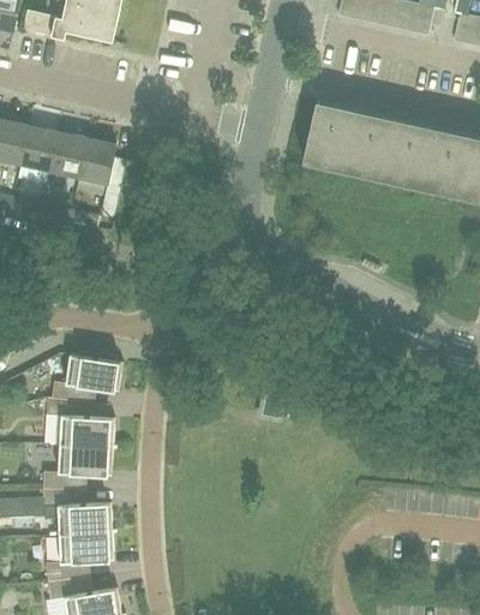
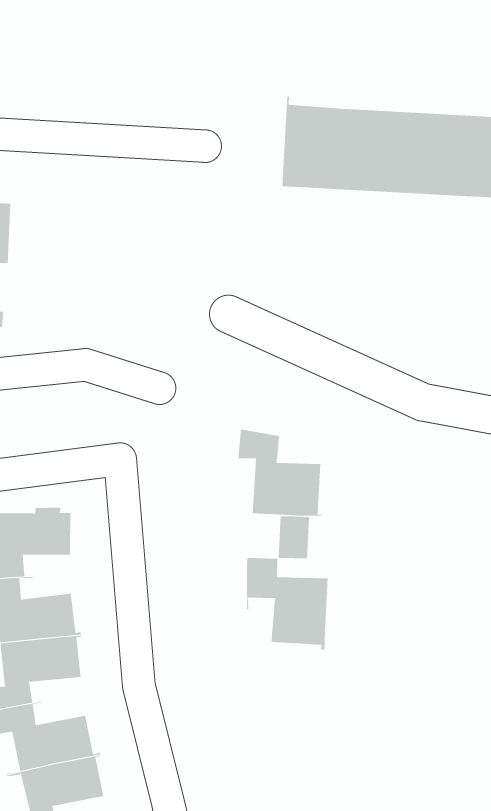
building: none -> [238,428,322,517]
building: none -> [246,557,328,650]

